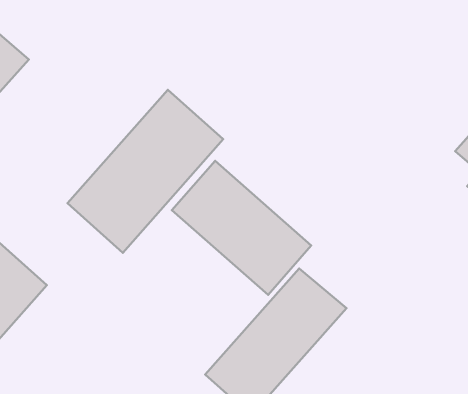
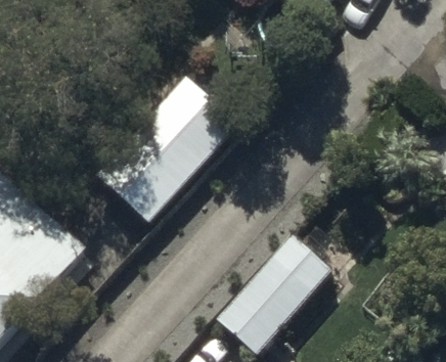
building: [172,161,311,295] -> none

